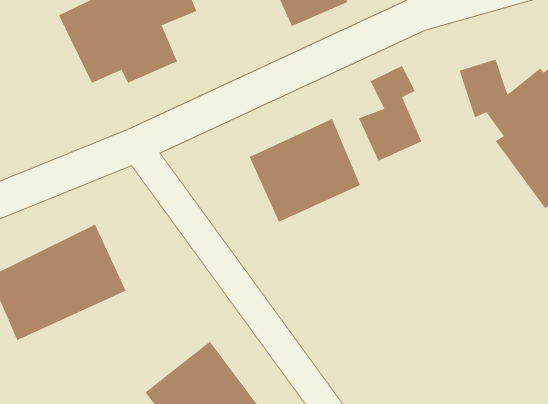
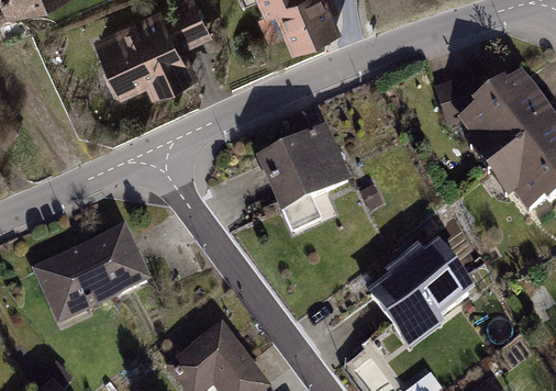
building: [358,65,422,161] -> none
building: none -> [369,252,471,346]

